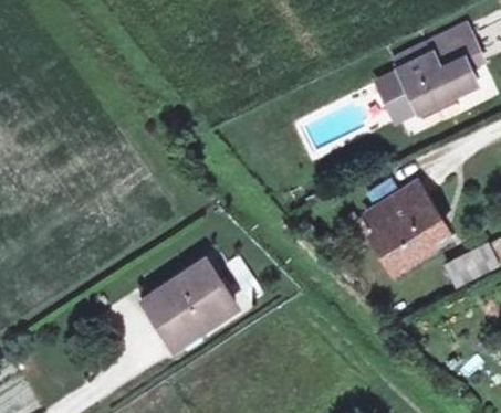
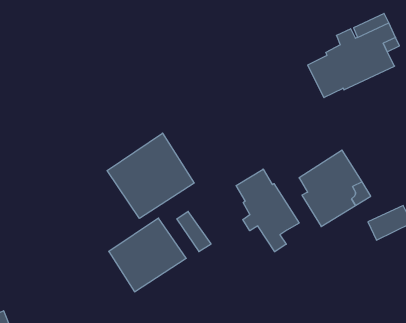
building: none -> [107,133,194,218]
building: none -> [236,169,299,252]

